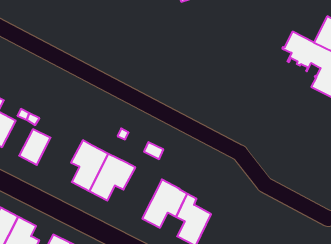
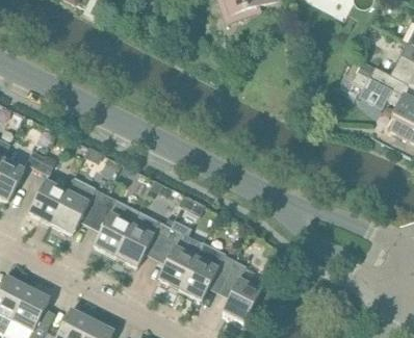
building: none -> [51,177,107,234]
building: none -> [157,220,203,289]

